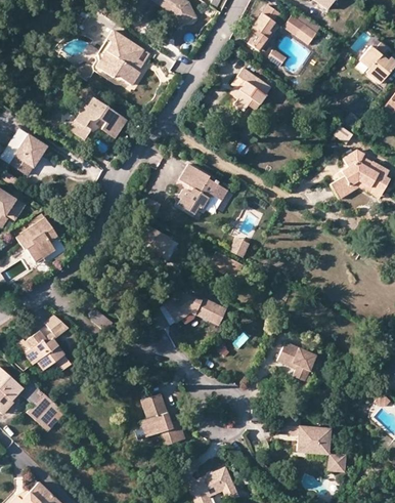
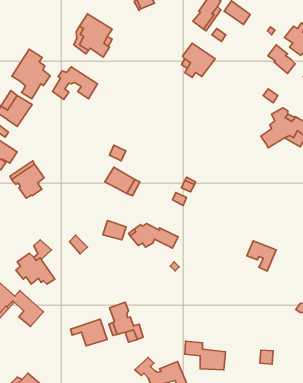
building: none -> [268,45,295,73]
building: none -> [12,49,50,99]
building: [177,163,227,214] -> none
building: none -> [103,220,126,240]
building: [277,342,314,380] -> [247,241,276,271]
building: none -> [70,319,107,346]
building: [276,415,327,451] -> [185,341,226,370]

